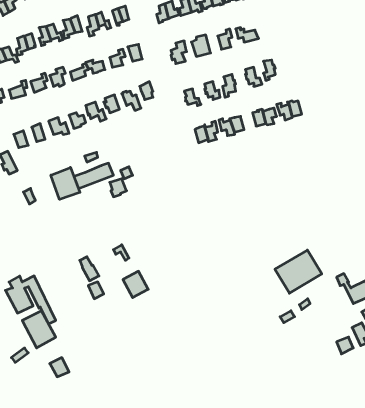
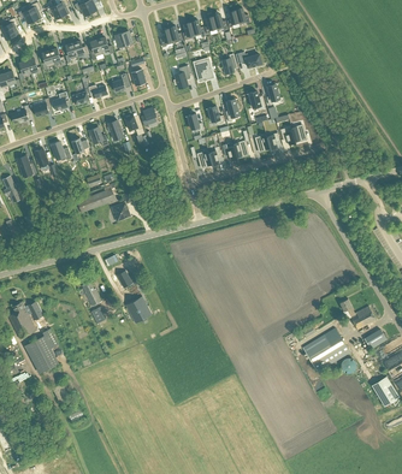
building: [51,167,80,199] -> none
building: [275,250,322,293] -> [302,327,349,371]

